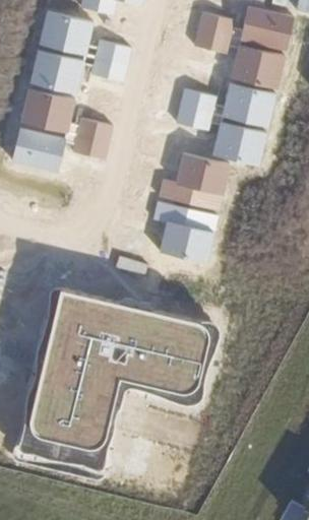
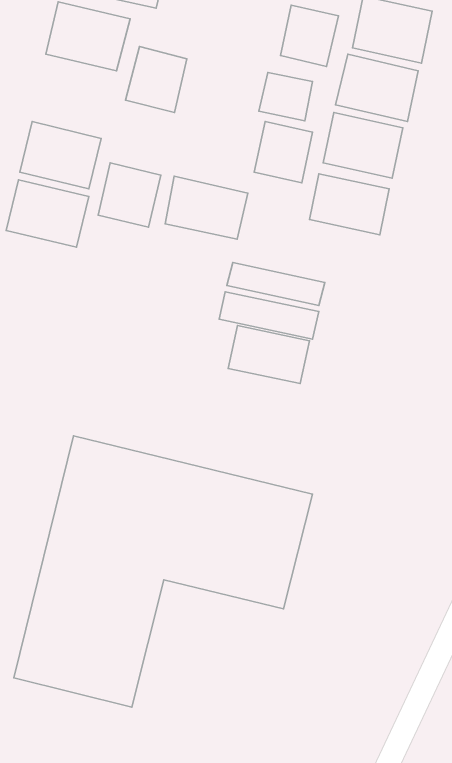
building: [28,48,85,92] -> none
building: none -> [259,72,312,121]
building: [176,150,231,192] -> [165,176,248,239]

